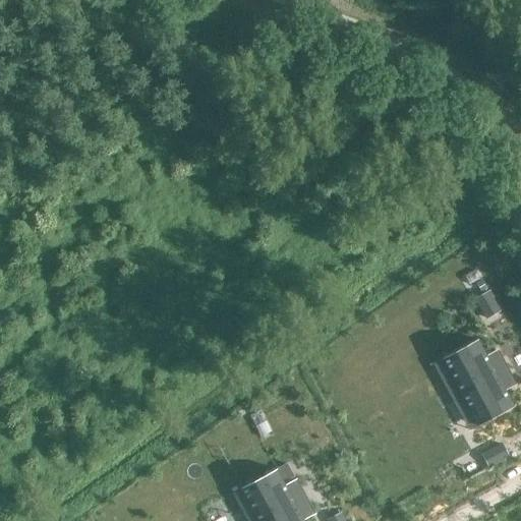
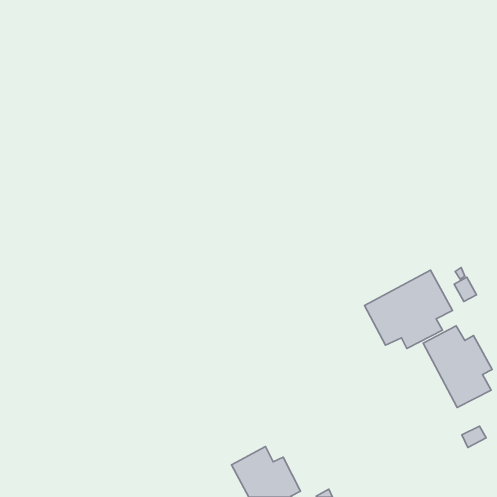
building: none -> [364,270,453,349]

